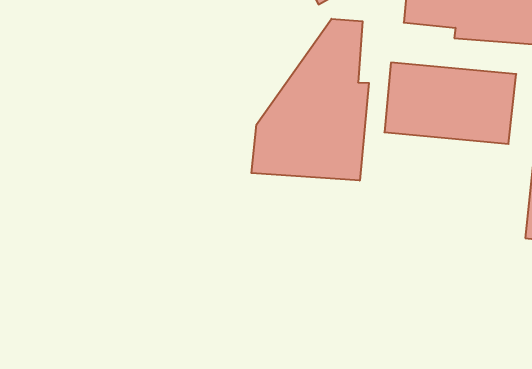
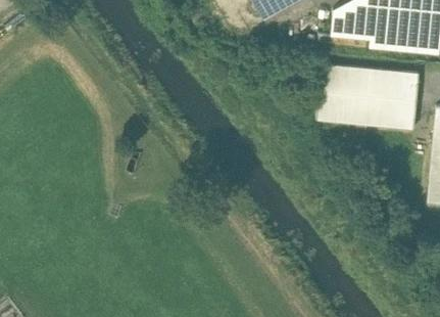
building: [251,19,369,181] -> none

